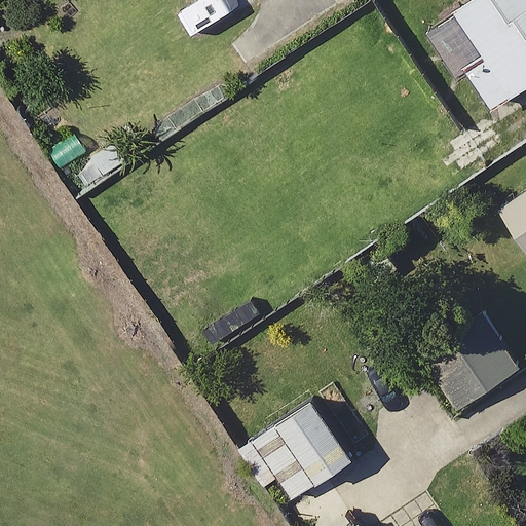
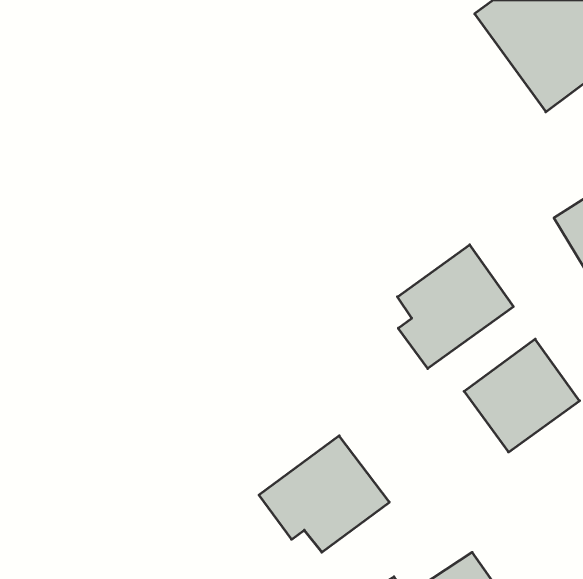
building: none -> [397,245,513,369]

